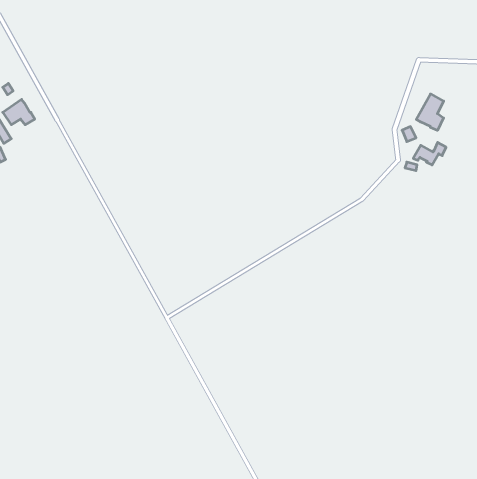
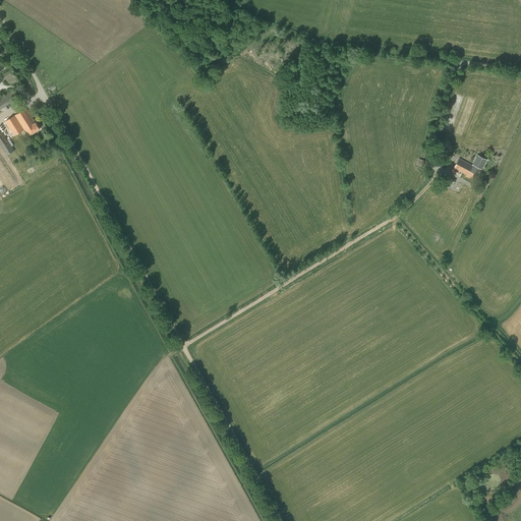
building: [416,94,444,130] -> none

